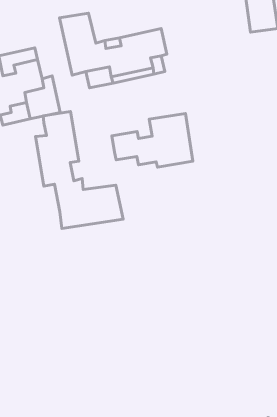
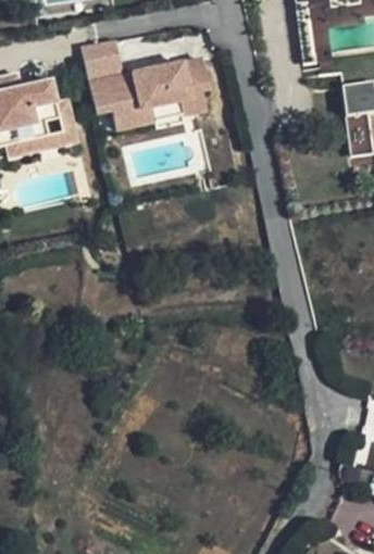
building: [36,112,123,228] -> none
building: [112,113,193,167] -> none

